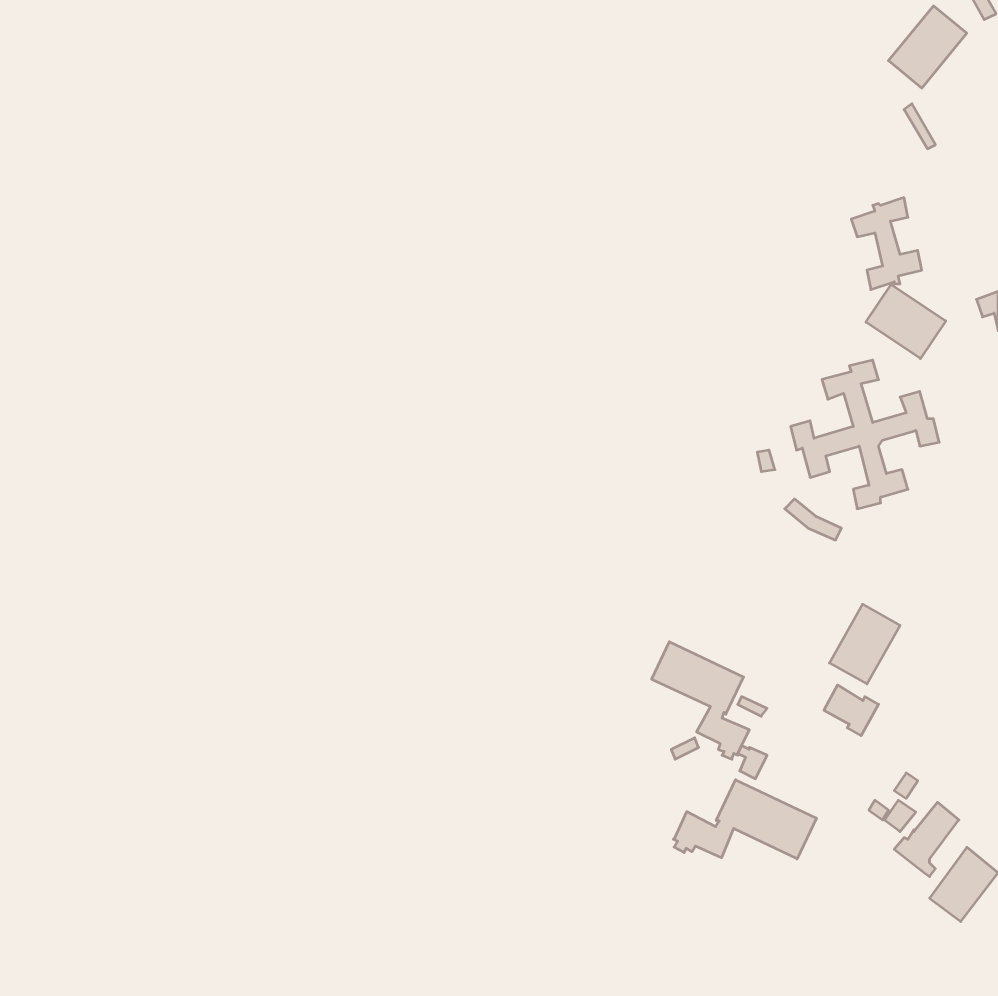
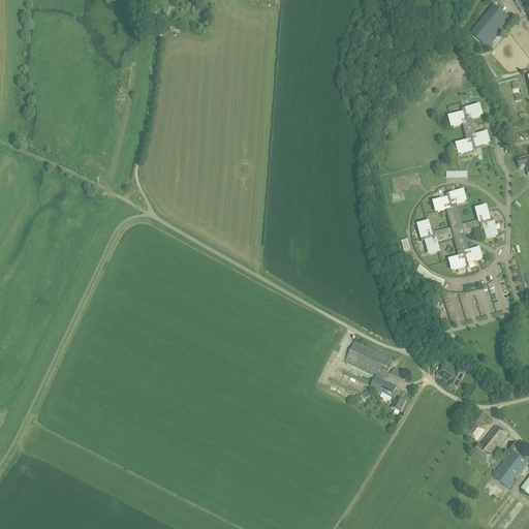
building: [866,284,946,359] -> none
building: [829,604,900,684] -> none
building: [673,780,816,859] -> none

